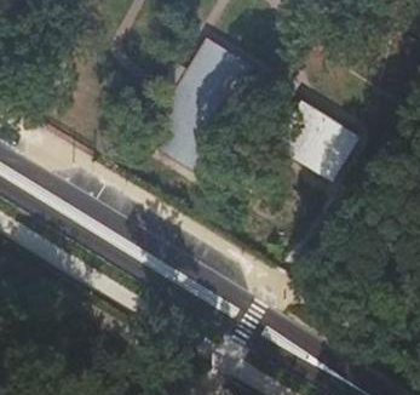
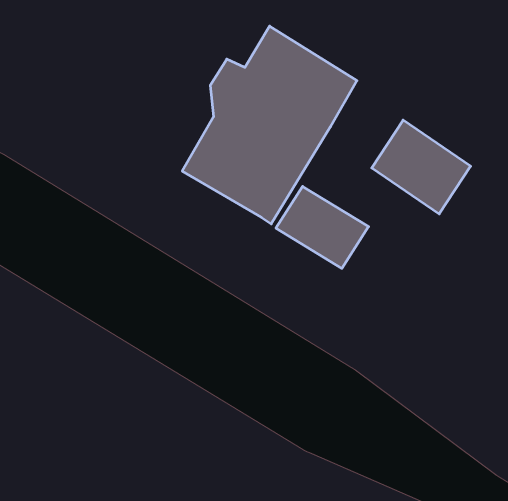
building: none -> [276,186,369,268]

